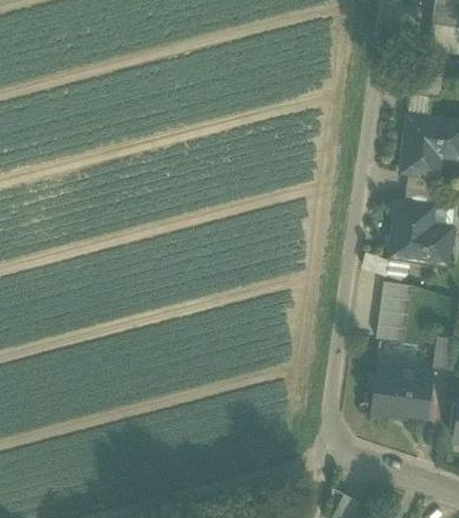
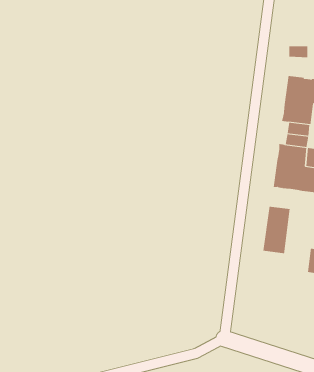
building: [371,368,434,419] -> none

